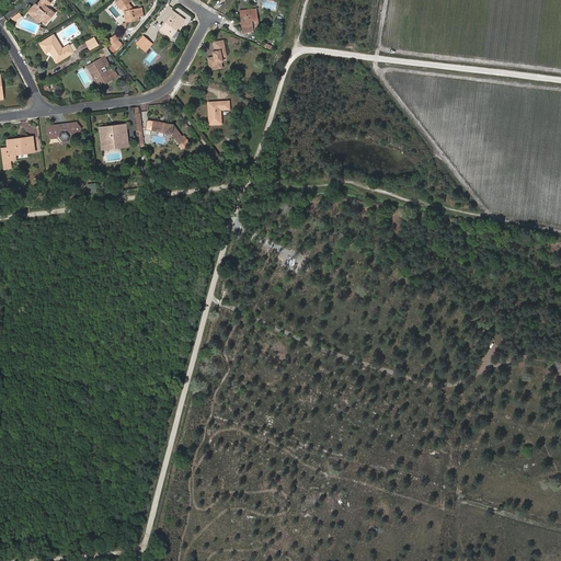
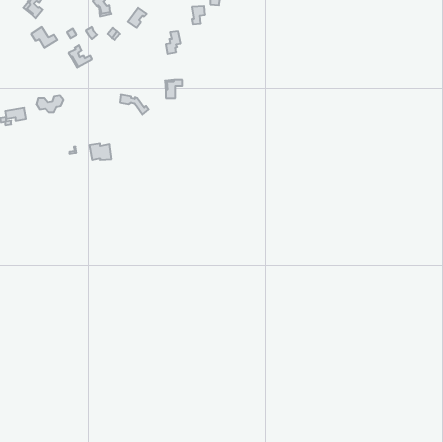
building: [99,125,126,146] -> [90,143,111,160]

